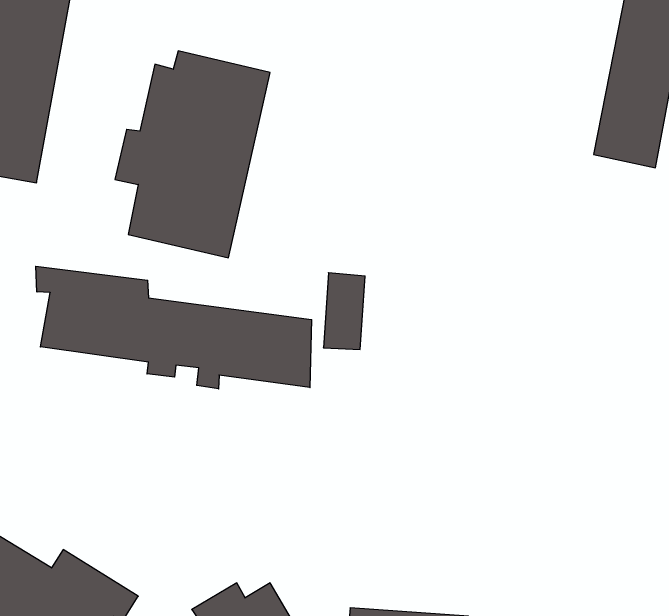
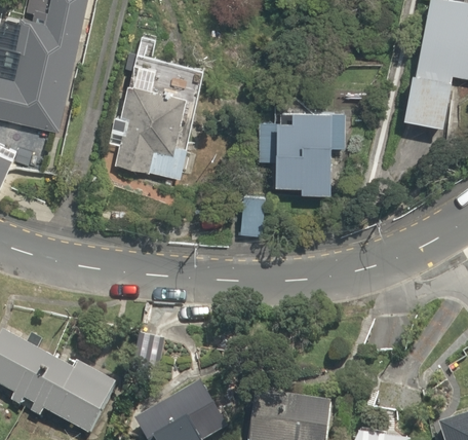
building: none -> [257,103,346,190]
building: [36,266,312,389] -> none

